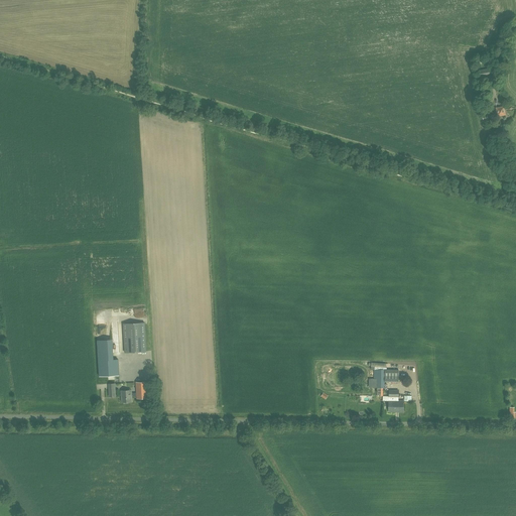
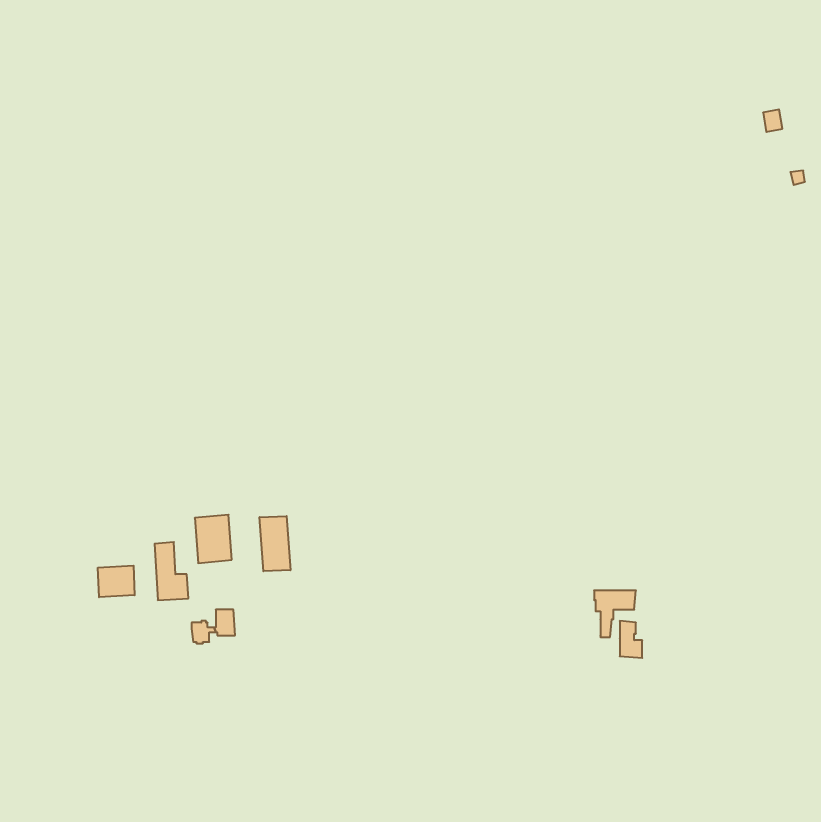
building: none -> [260,516,290,571]
building: none -> [98,566,135,597]

